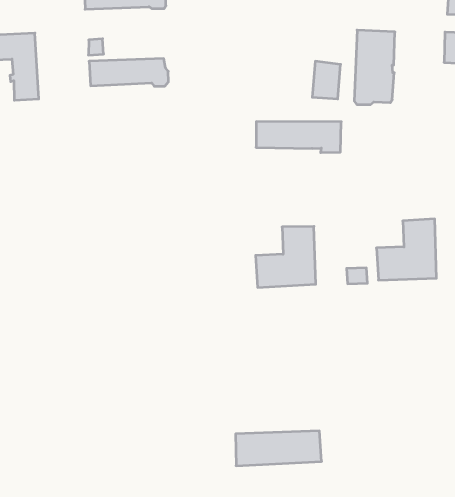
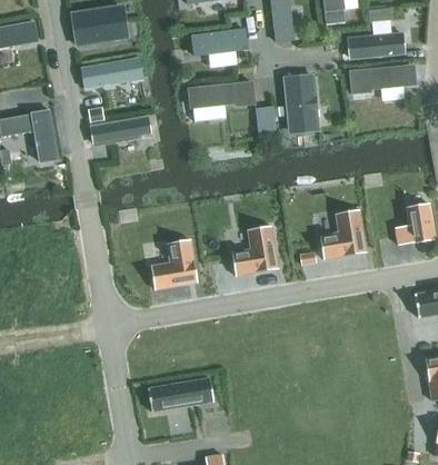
building: [256,122,341,153] -> [190,81,255,108]
building: none -> [151,239,198,289]
building: [236,431,322,466] -> [148,378,213,412]

